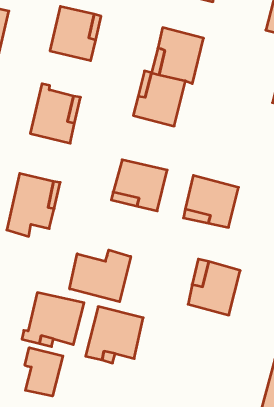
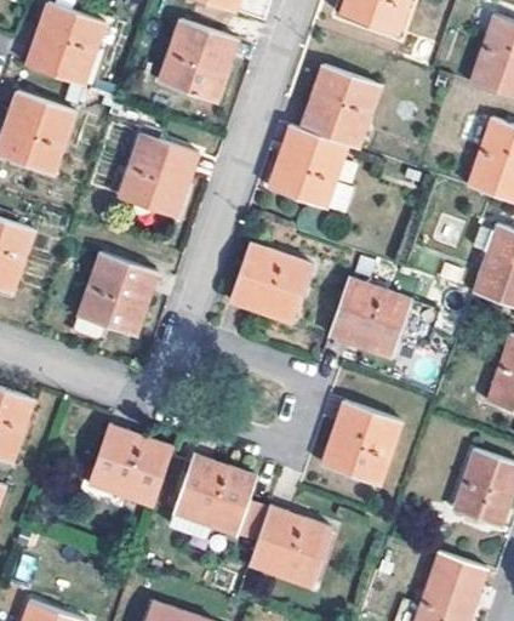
building: [70,250,131,302] -> none
building: none -> [250,506,333,586]
building: [25,348,63,396] -> none

